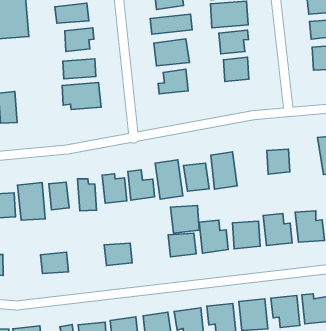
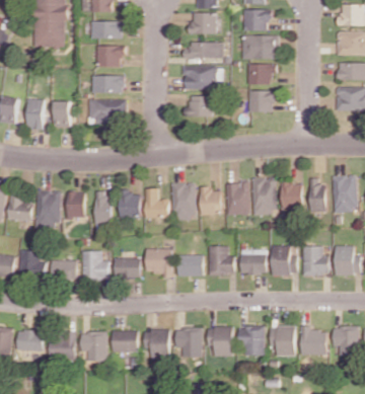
building: none -> [53,100,69,127]
building: none -> [309,177,324,212]
building: none -> [251,177,275,214]
building: [171,205,199,233] -> [145,248,171,273]
building: none -> [81,250,107,280]
building: none -> [18,250,45,275]

